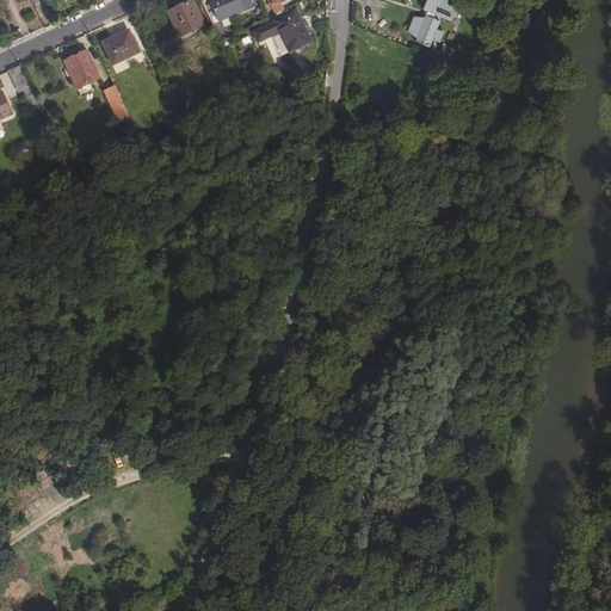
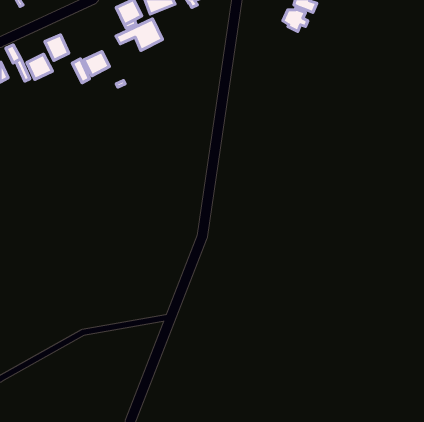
building: [243,10,310,55] -> [116,19,162,50]
building: [101,29,138,63] -> [84,52,109,76]
building: none -> [27,54,52,80]

